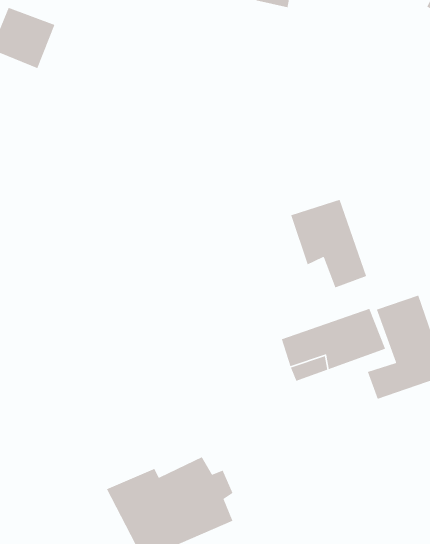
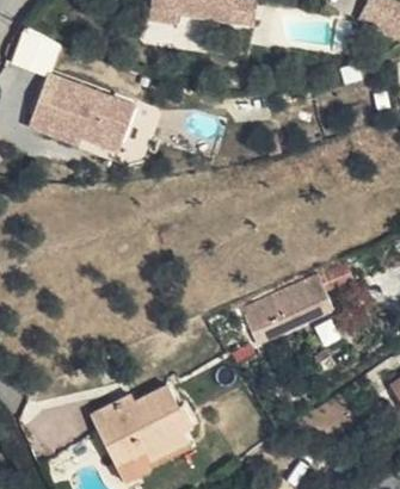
building: none -> [29,74,135,146]
building: [290,199,367,289] -> none

